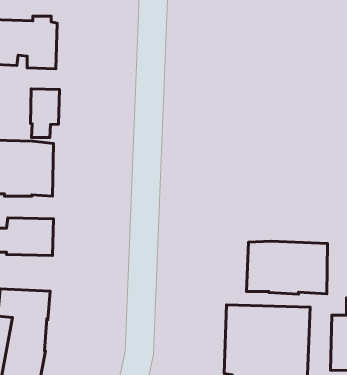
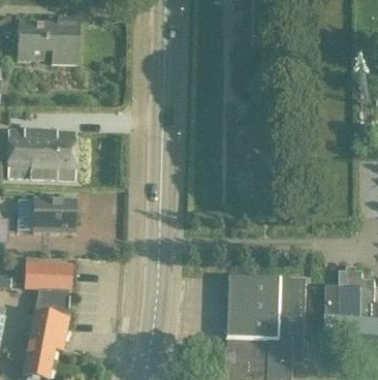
building: [30,89,60,138] -> none
building: [247,241,327,294] -> none

